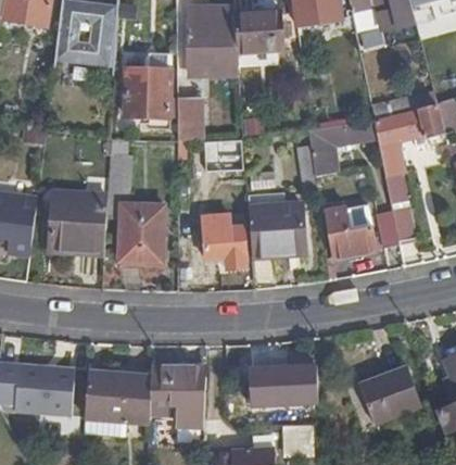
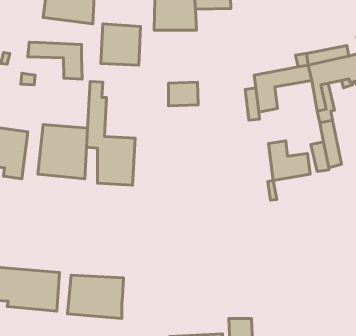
building: none -> [28,42,82,79]
building: [177,98,205,141] -> none
building: [249,203,306,259] -> none
building: [204,215,246,269] -> none
building: [151,366,205,423] -> none
building: [362,367,421,424] -> none
building: [249,368,301,406] -> none

